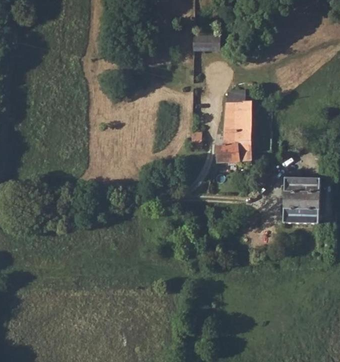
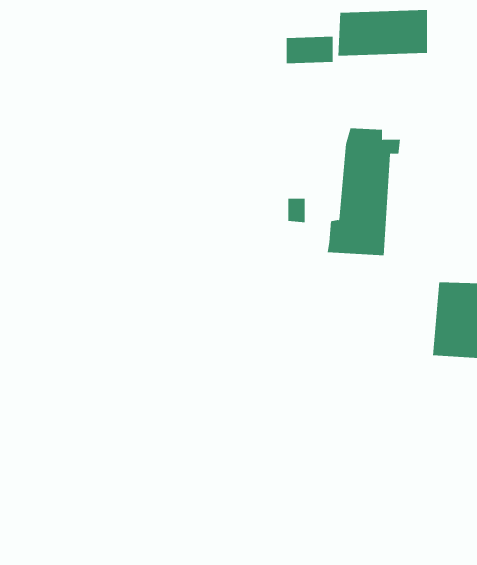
building: none -> [338,9,427,57]

